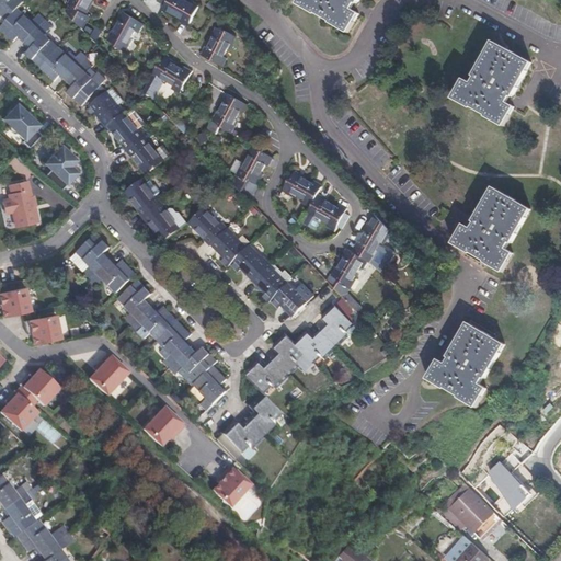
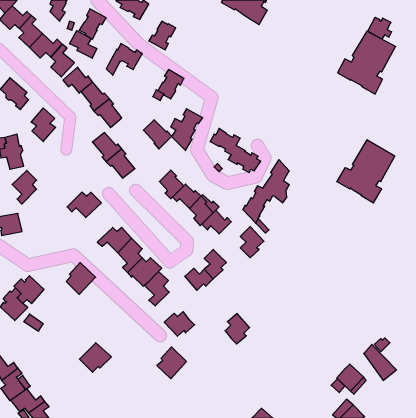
building: none -> [368,17,392,39]
building: none -> [70,31,97,58]
building: [191,206,229,245] -> [143,120,172,149]
building: [77,232,110,277] -> [12,170,37,204]
building: [117,278,151,324] -> none
building: [23,313,59,343] -> none
building: [426,322,504,407] -> none
building: [295,330,335,362] -> none
building: [245,394,278,435] -> [225,314,250,344]
building: [141,407,184,446] -> [79,343,111,372]

